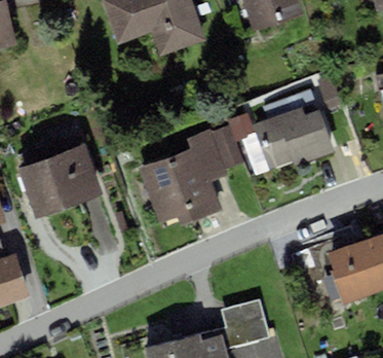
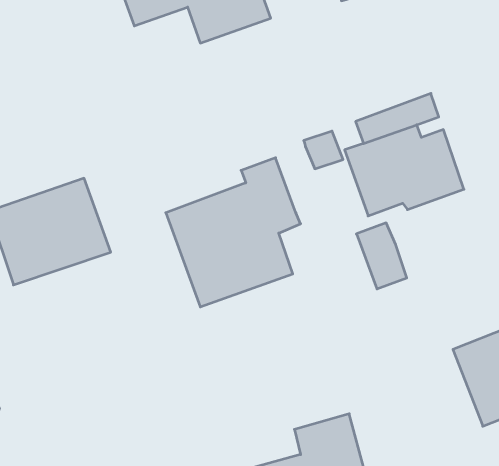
building: [209,123,242,167] -> [356,223,407,289]

